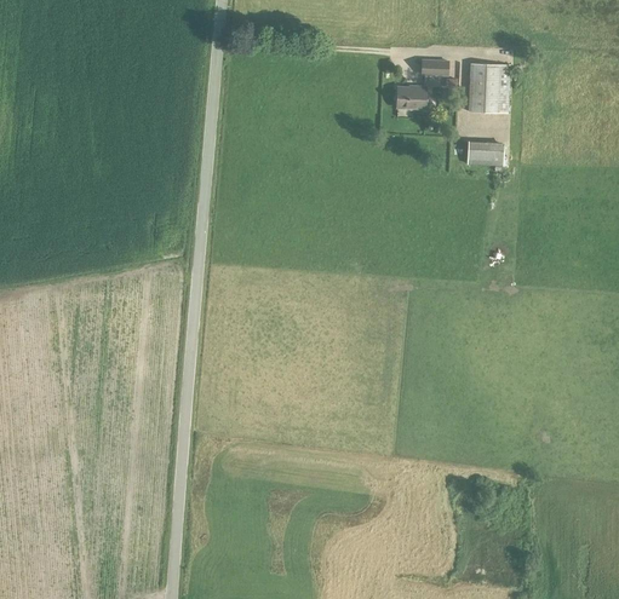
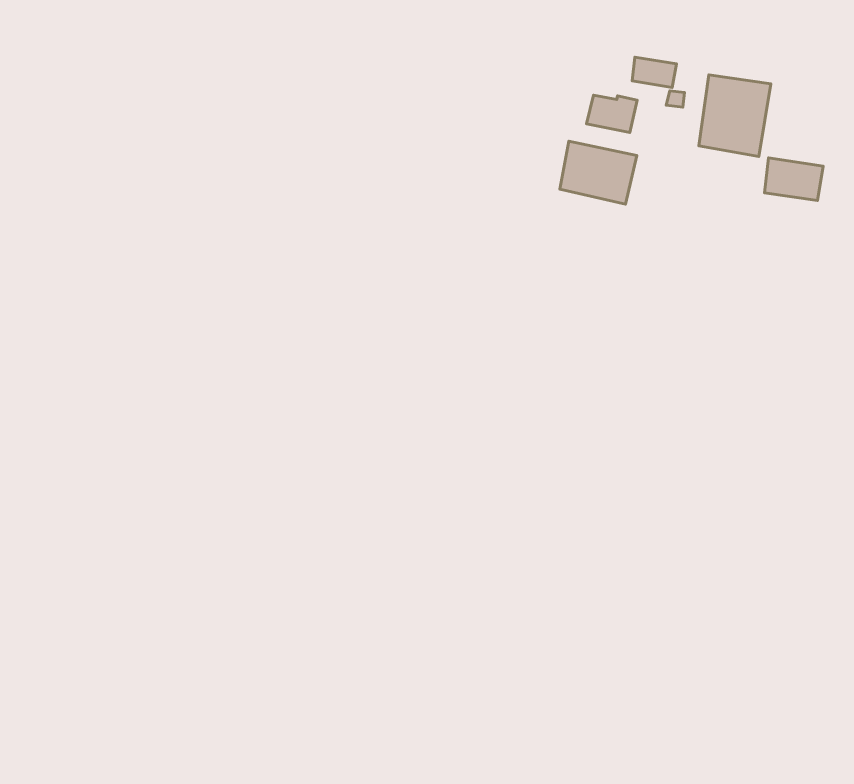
building: none -> [560,141,637,204]
building: [465,140,501,165] -> [765,158,823,201]

